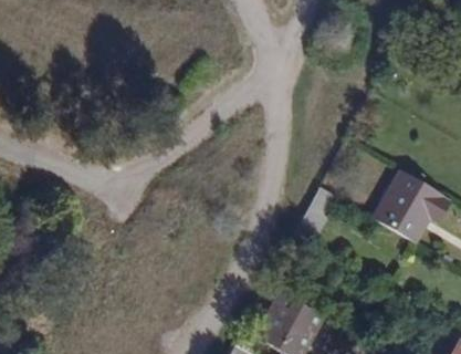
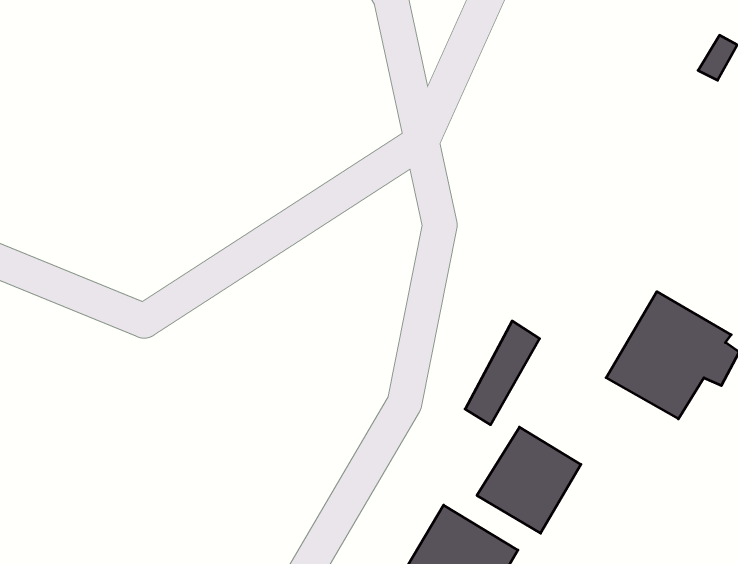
building: none -> [477,427,581,533]

